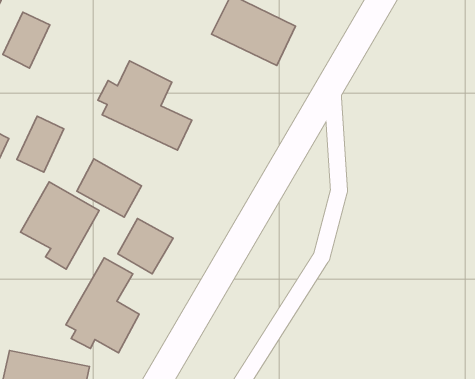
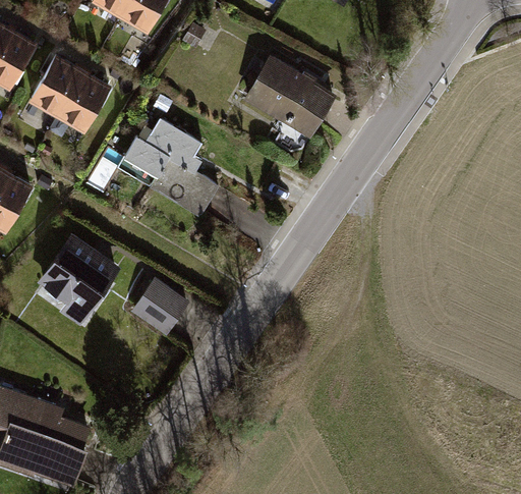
building: [17,116,64,172] -> [57,73,108,131]
building: [77,159,142,217] -> none
building: [66,258,139,353] -> none

